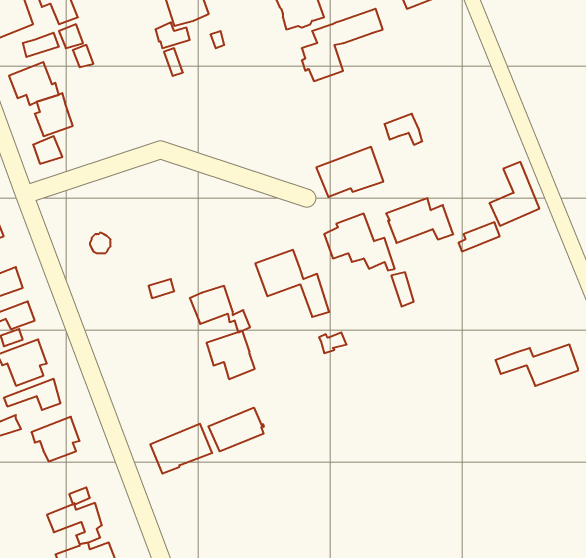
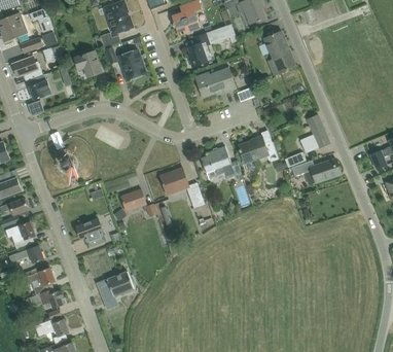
building: none -> [263,30,296,74]
building: none -> [118,49,146,78]
building: none -> [75,50,101,76]
building: [316,147,383,197] -> [195,67,236,97]
building: [206,331,255,379] -> [76,218,105,247]
building: [495,345,578,386] -> [291,157,341,182]
building: [208,408,264,451] -> none
building: none -> [29,288,64,307]

